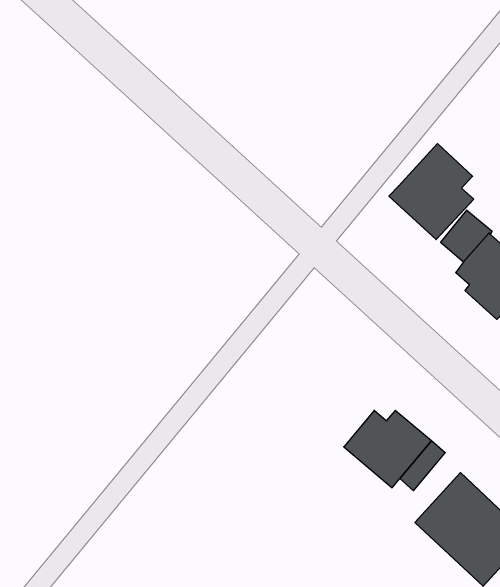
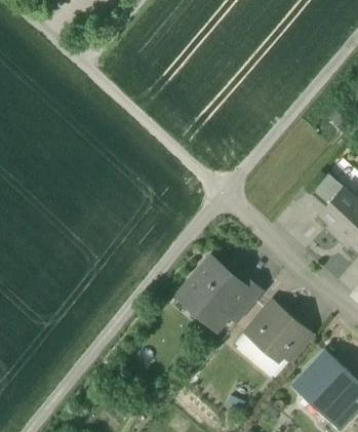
building: [389,144,474,240] -> none
building: none -> [183,258,263,322]

